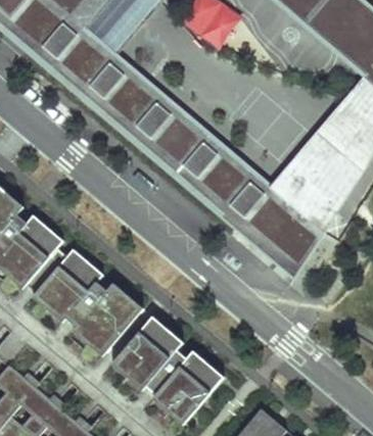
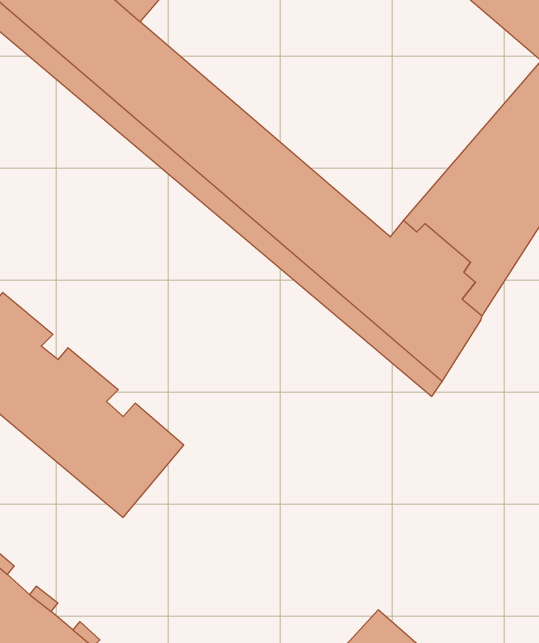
building: [115,316,224,420] -> none

